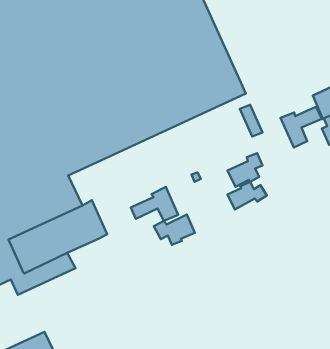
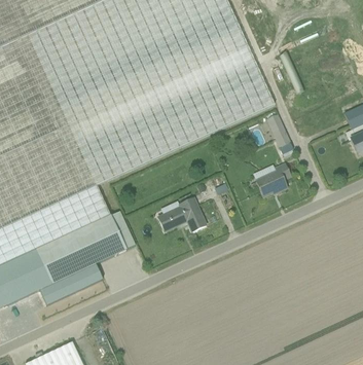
building: [280,107,322,148] -> none
building: [227,182,267,209] -> none
building: [154,215,195,245] -> none

